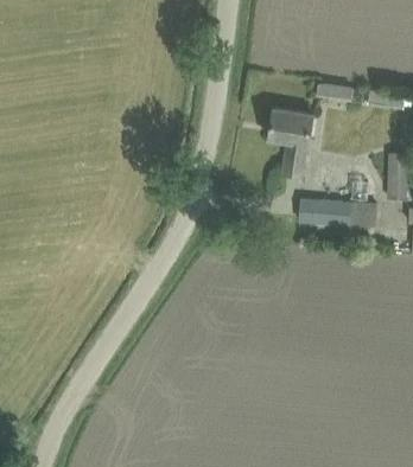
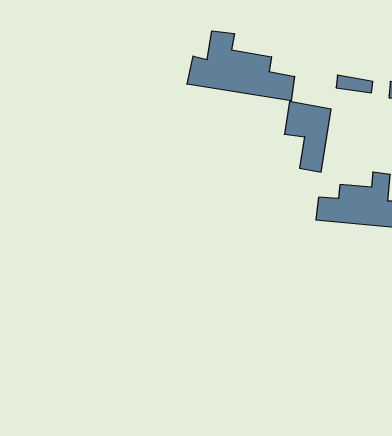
building: none -> [187,31,295,101]

